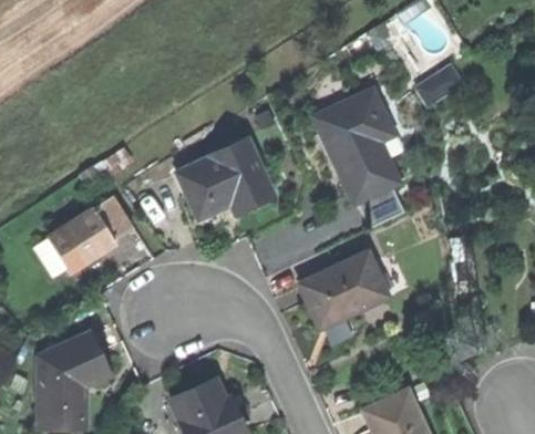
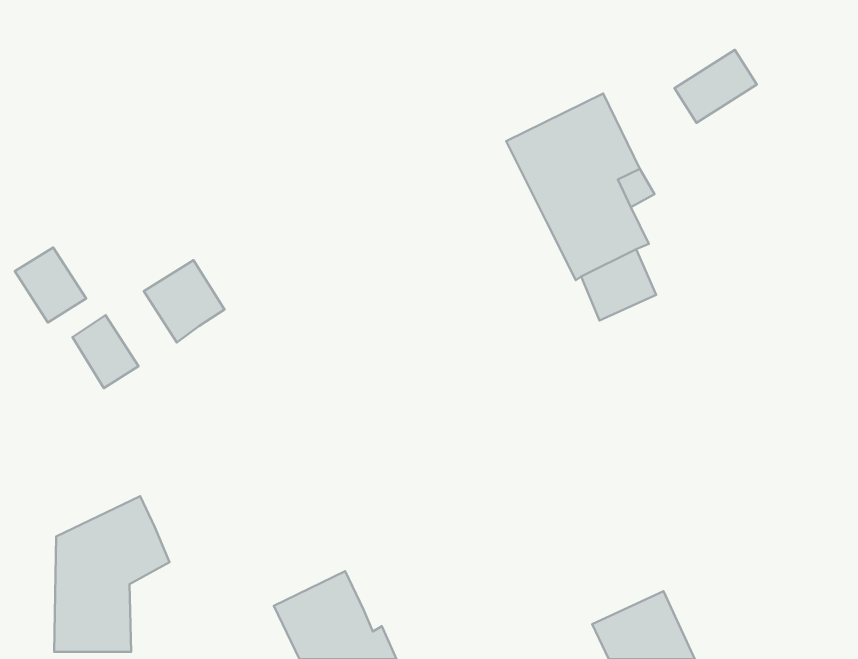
building: [181,141,274,217] -> none
building: [70,209,113,255] -> [15,247,86,322]
building: [299,252,388,326] -> none

